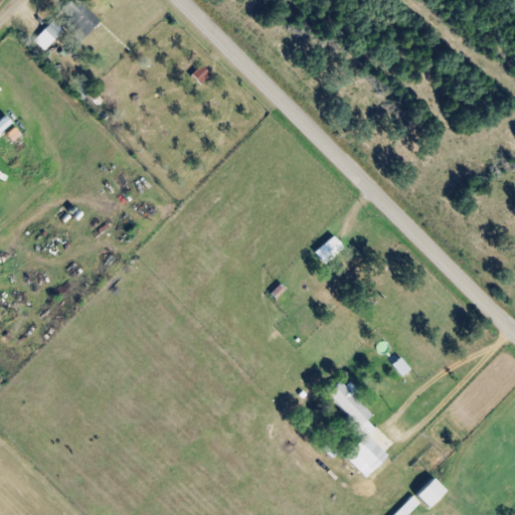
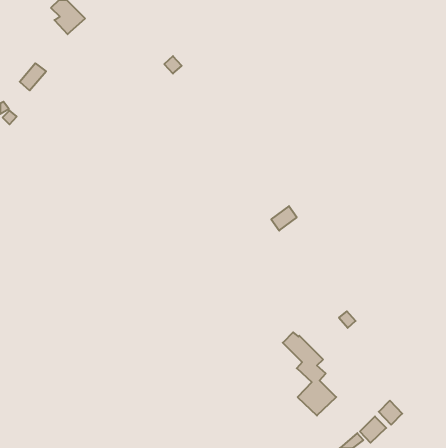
building: [34,20,64,51] -> [20,63,46,90]
building: none -> [379,401,402,425]

